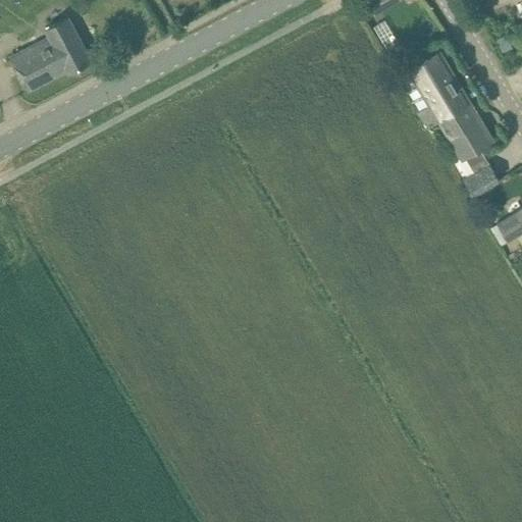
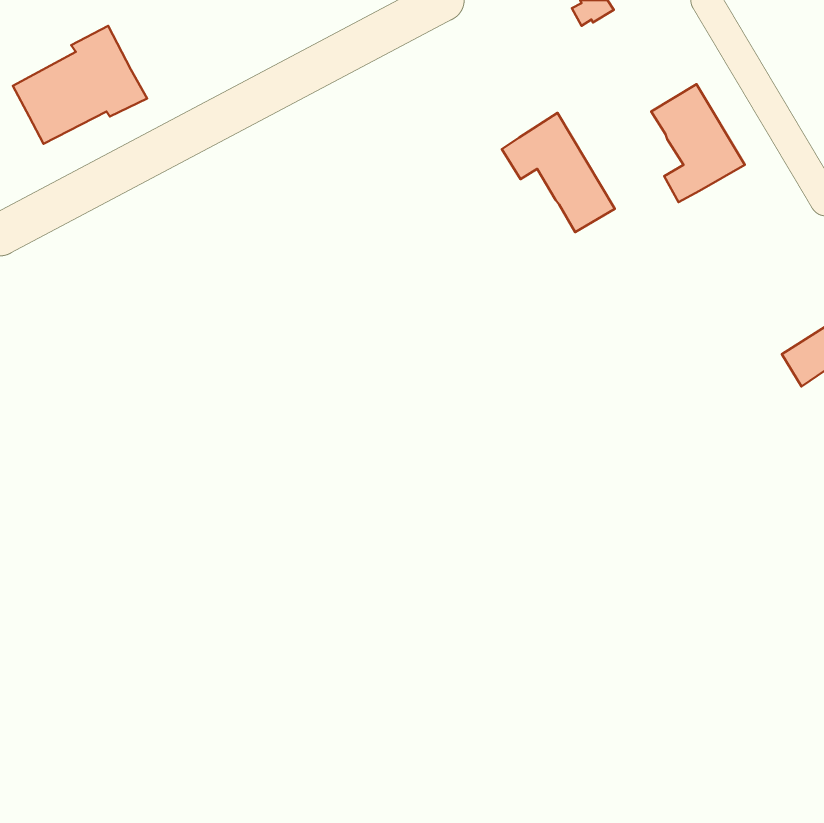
building: none -> [502,113,615,232]
building: [442,106,501,197] -> none

